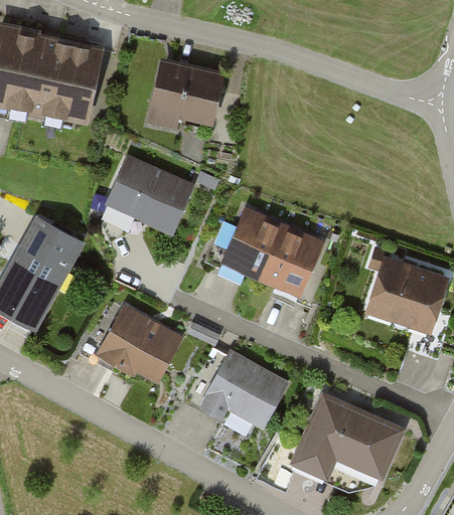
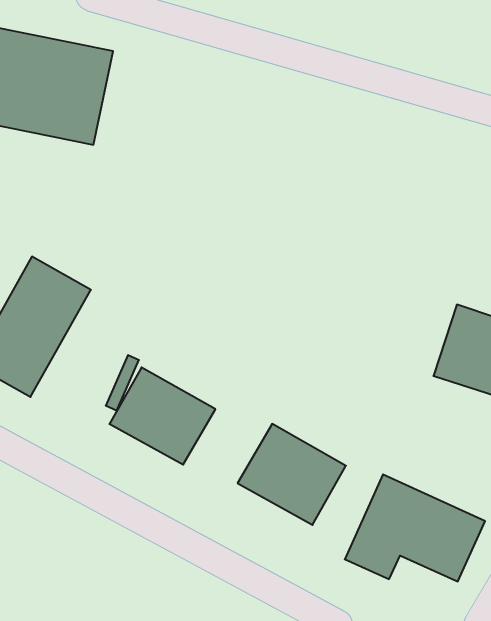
building: [150,59,222,128] -> none
building: [106,156,197,237] -> none
building: [220,206,324,298] -> none

